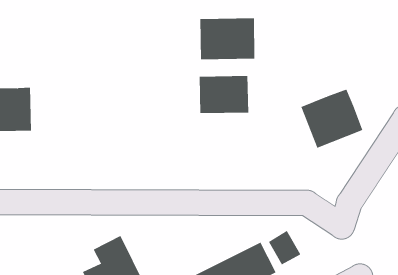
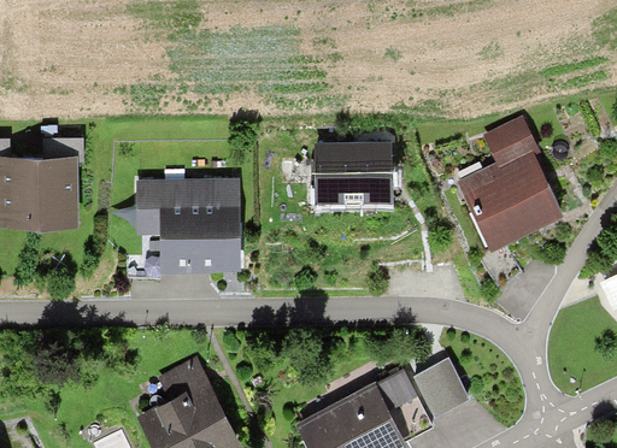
building: [200,17,255,60] -> none
building: none -> [489,123,534,166]
building: none -> [137,189,236,259]

